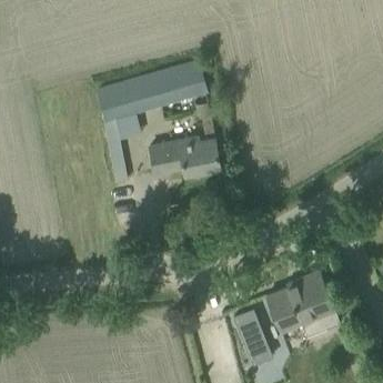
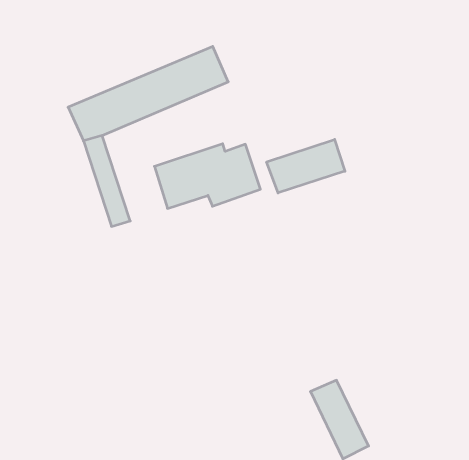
building: none -> [267,139,345,193]
building: [266,271,339,336] -> none

